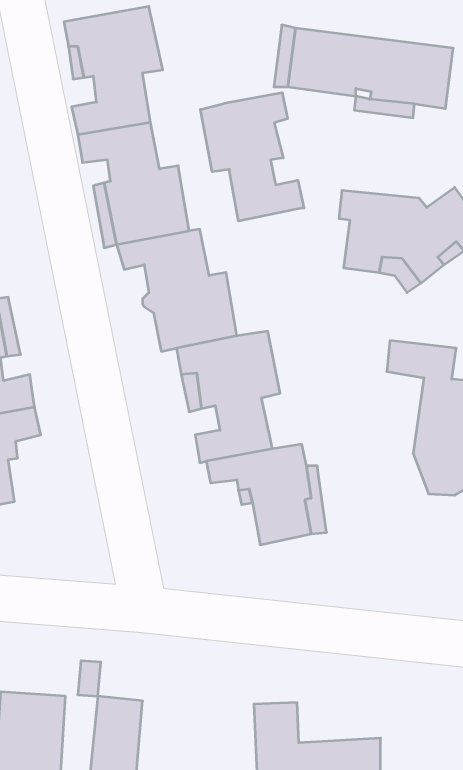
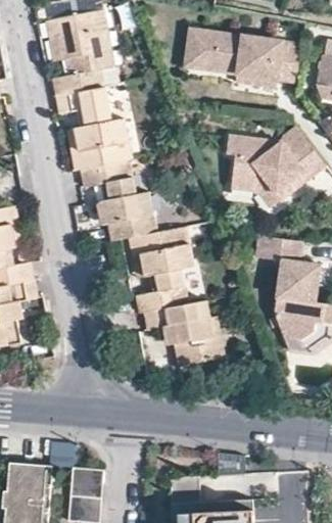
building: [200,93,304,221] -> none

